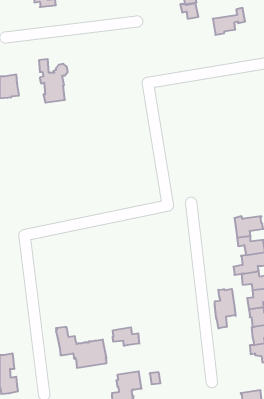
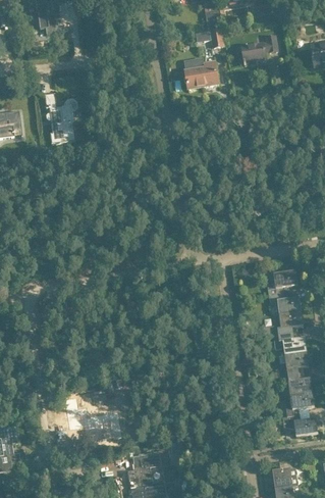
building: none -> [185,58,219,88]
building: [215,289,236,328] -> none
building: [113,327,139,346] -> none

